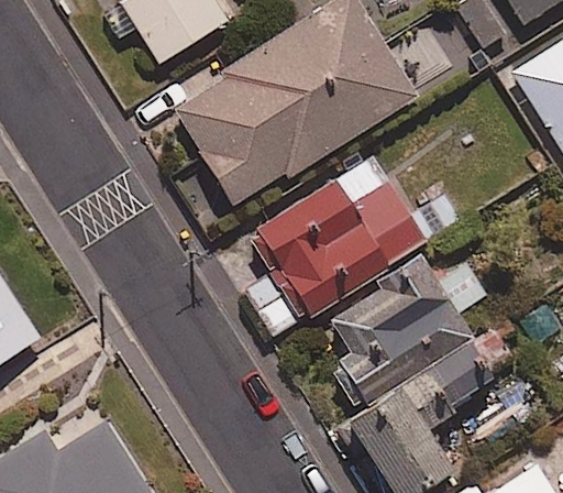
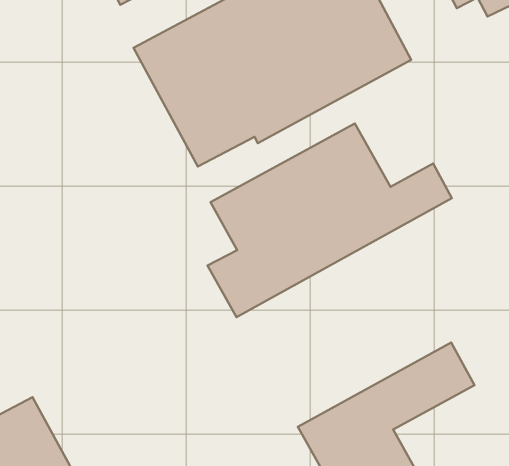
building: [324,259,485,410] -> none

